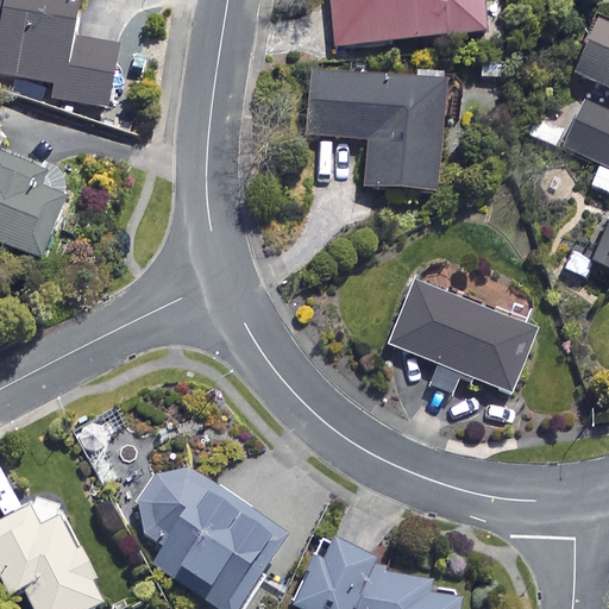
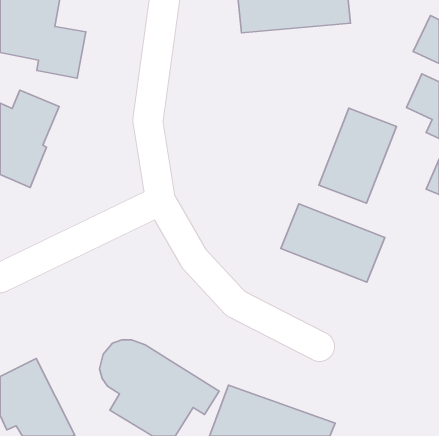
building: [306,71,442,189] -> none
building: none -> [319,108,397,203]

